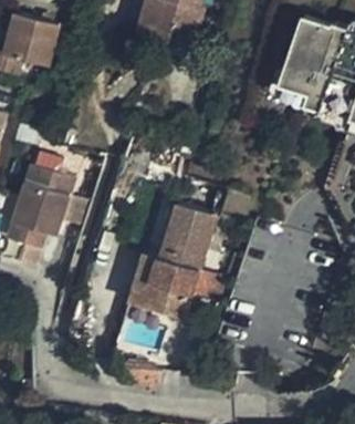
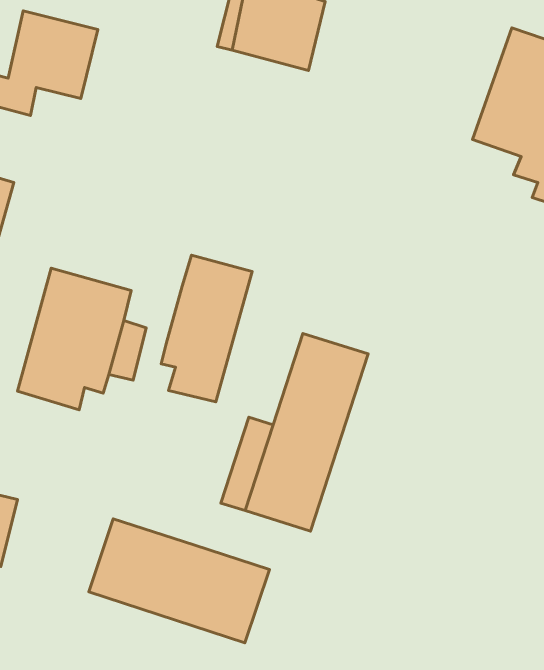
building: none -> [161,255,252,402]
building: none -> [89,519,269,643]

